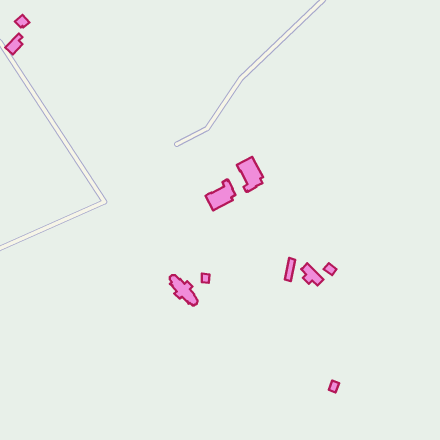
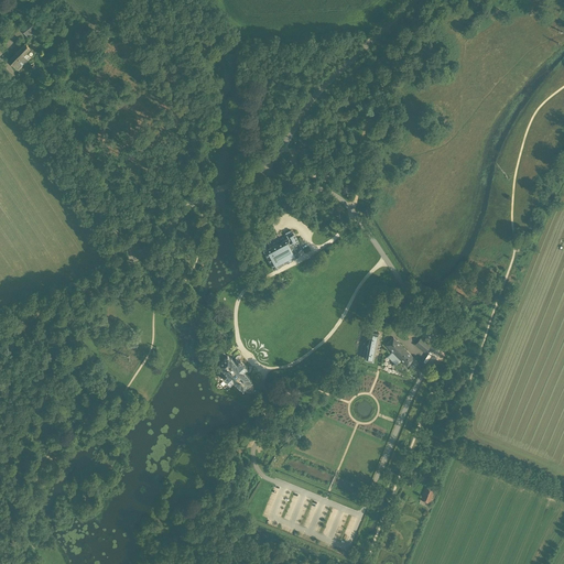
building: [237,157,263,192] -> none

